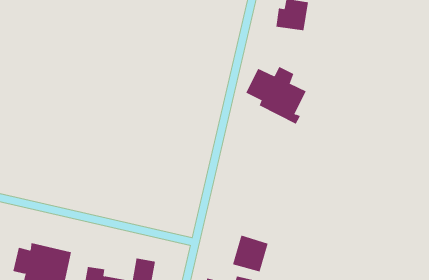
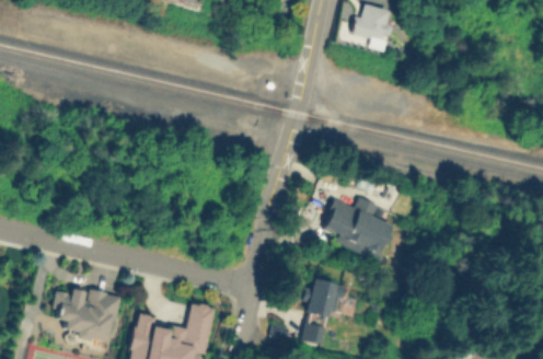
building: [245,66,307,124] -> [322,196,392,263]

